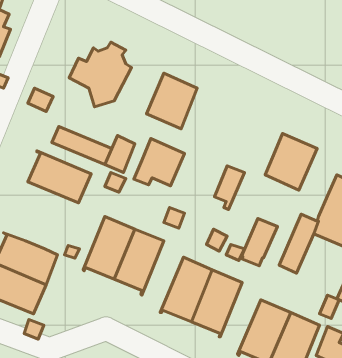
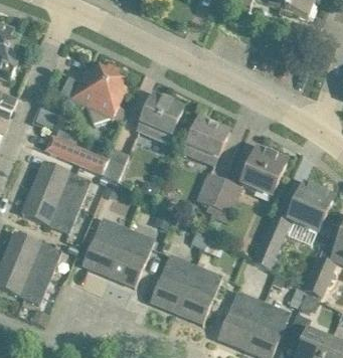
building: [134,139,184,186] -> [184,117,228,158]
building: none -> [21,188,78,232]
building: [242,218,278,266] -> [209,180,240,221]

